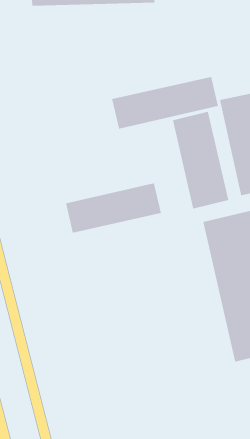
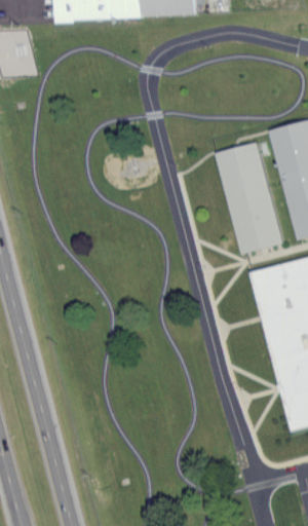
building: [112,76,218,129] -> none
building: [65,182,161,233] -> none

